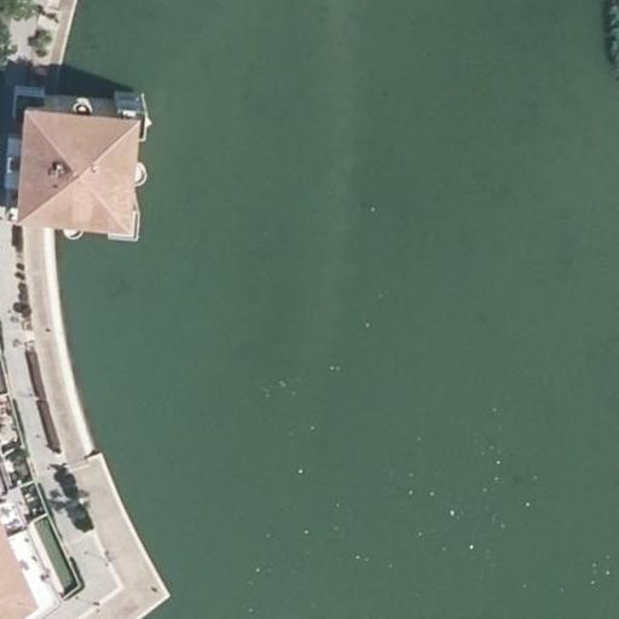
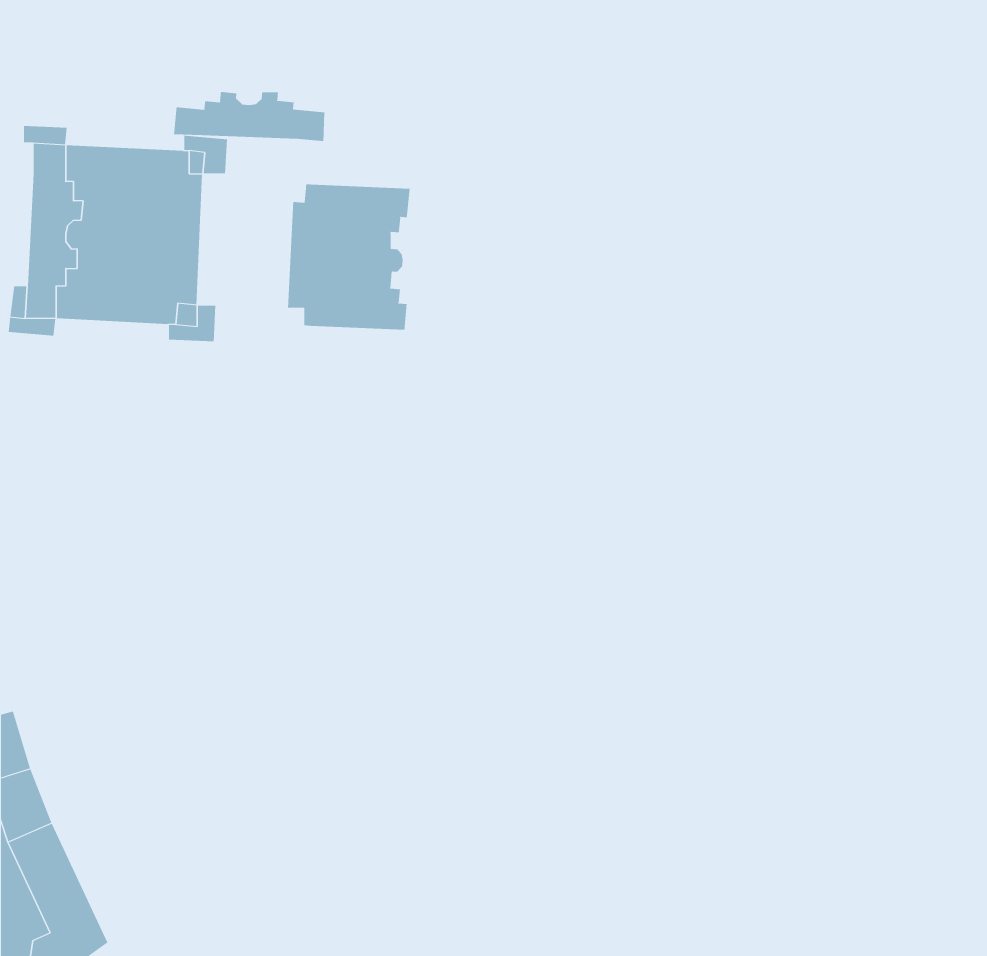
building: none -> [174,91,325,142]
building: none -> [287,183,410,330]

